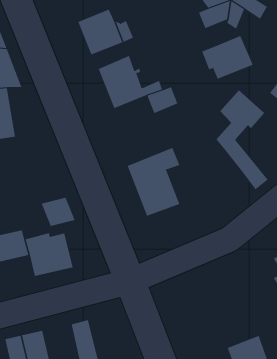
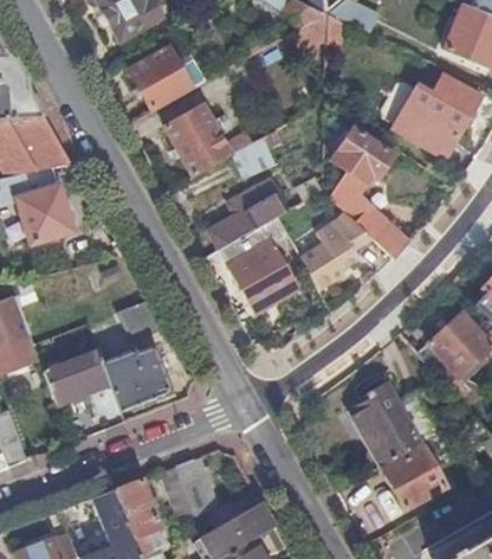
building: [202,35,253,80] -> none
building: none -> [211,178,280,248]
building: none -> [299,210,373,288]
building: none -> [350,380,438,467]

